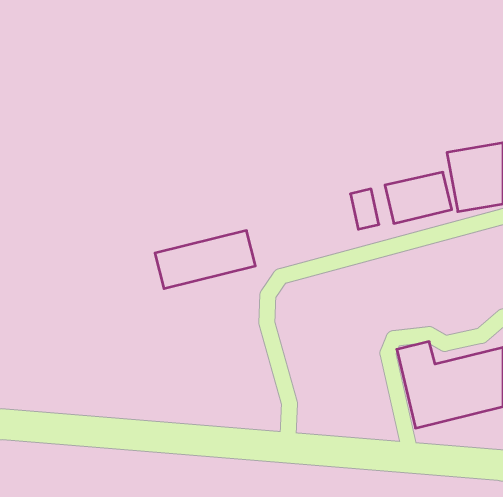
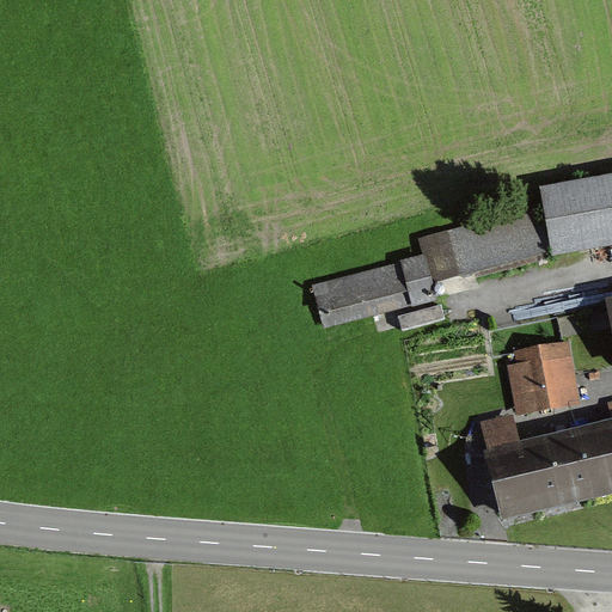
building: [155,231,255,289] -> [314,253,436,324]
building: none -> [504,339,581,406]

